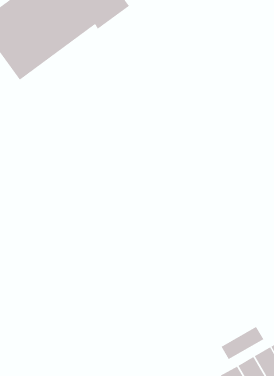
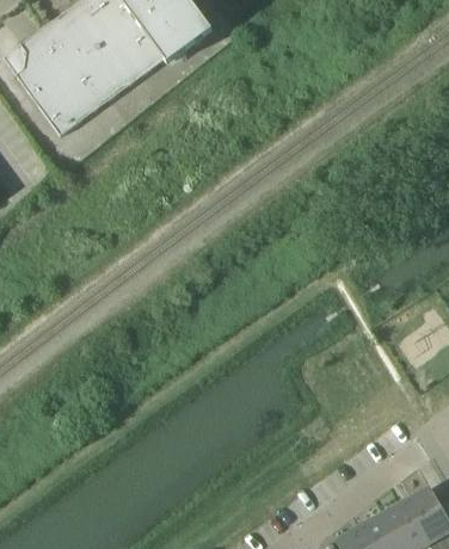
building: [221,326,264,360] -> none

